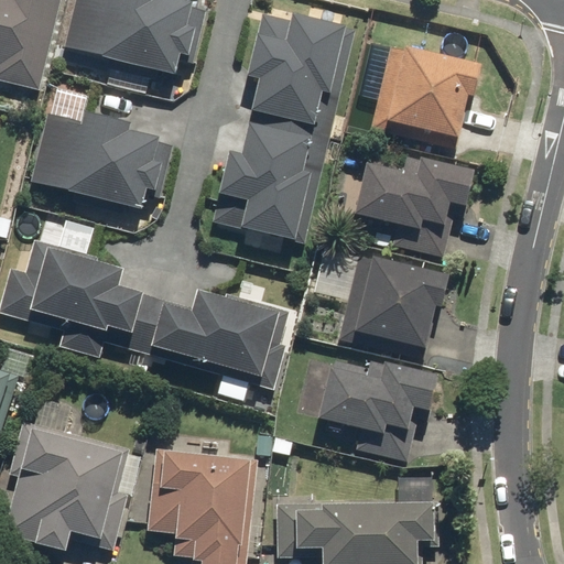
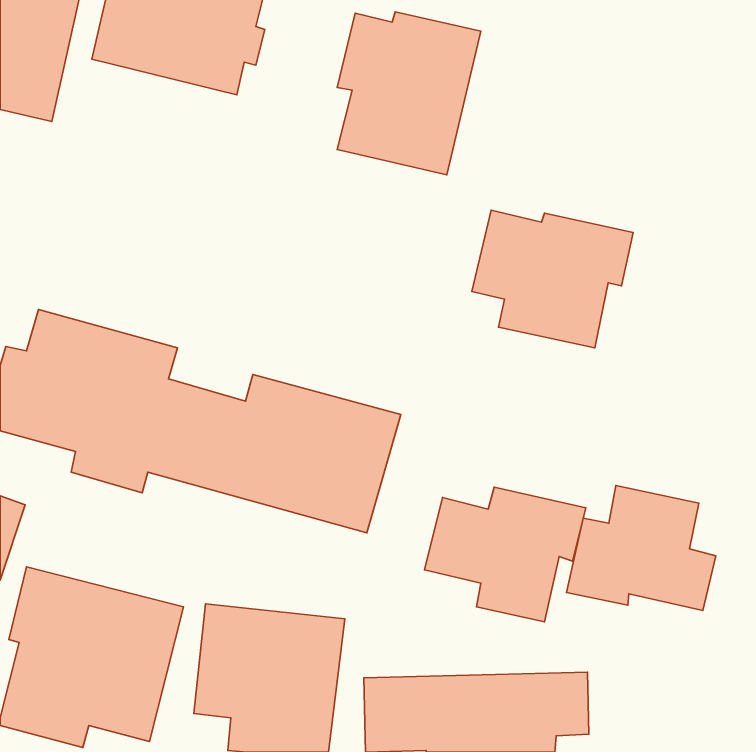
building: [368,46,479,153] -> none
building: [32,106,162,206] -> none
building: [215,111,333,242] -> none
building: [311,248,447,361] -> none
building: none -> [567,486,716,611]

